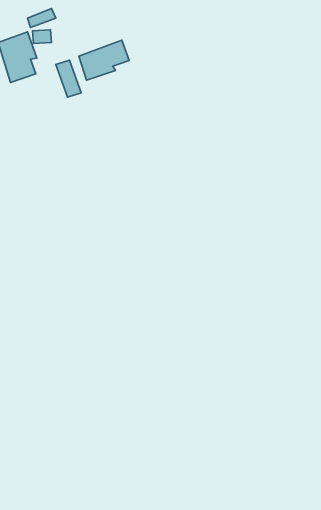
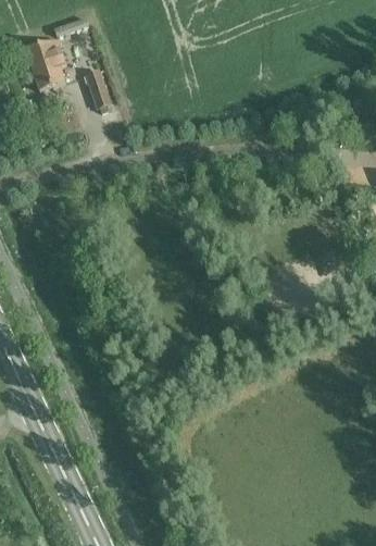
building: [79,40,129,80] -> none

